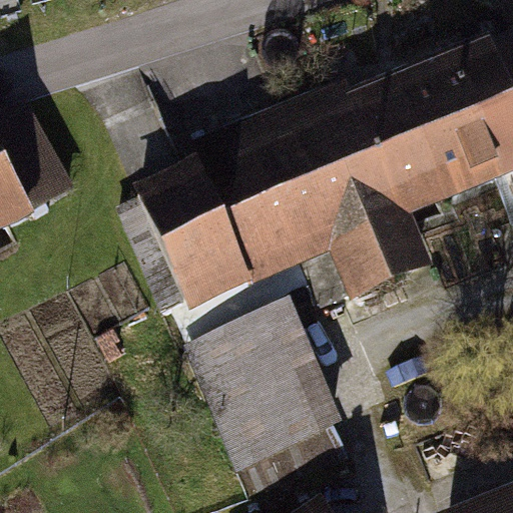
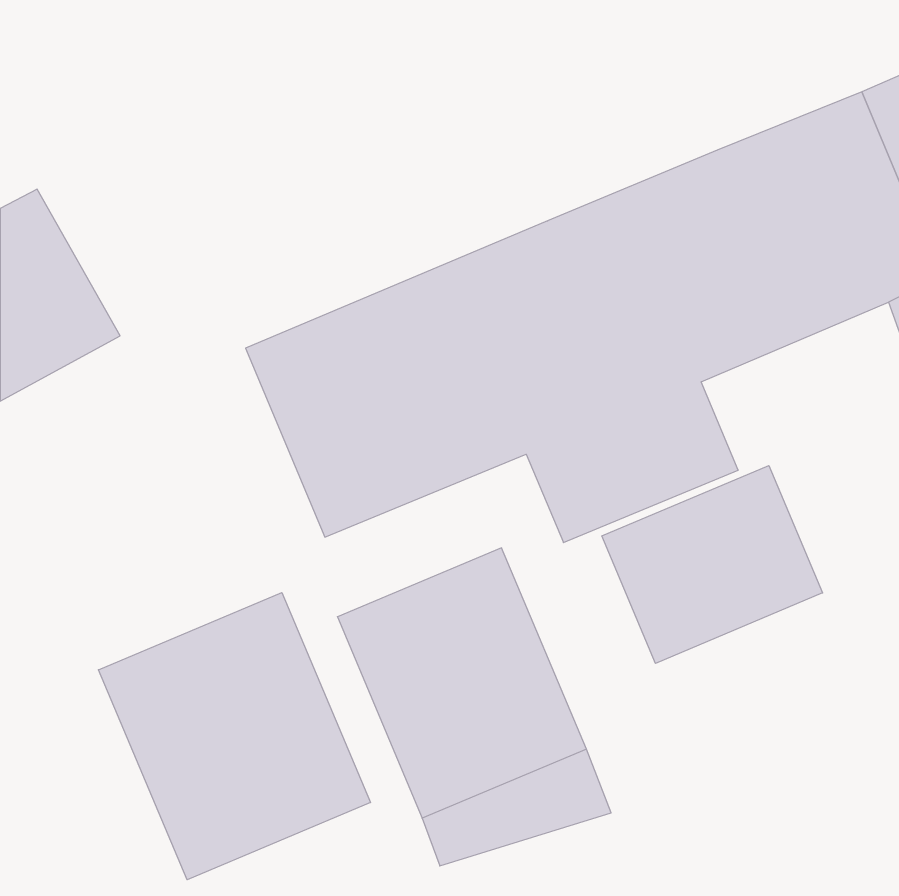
building: none -> [602,466,823,663]
building: none -> [98,593,370,880]

